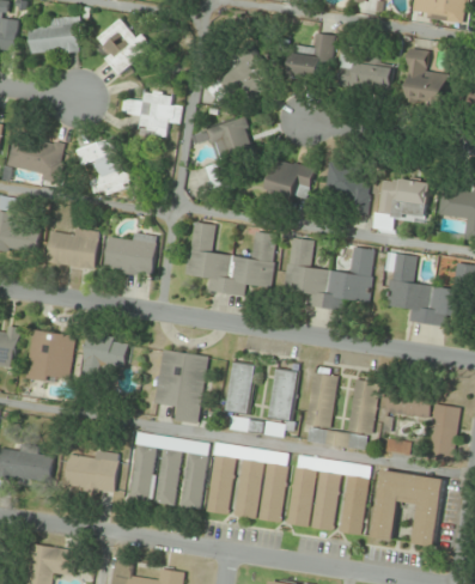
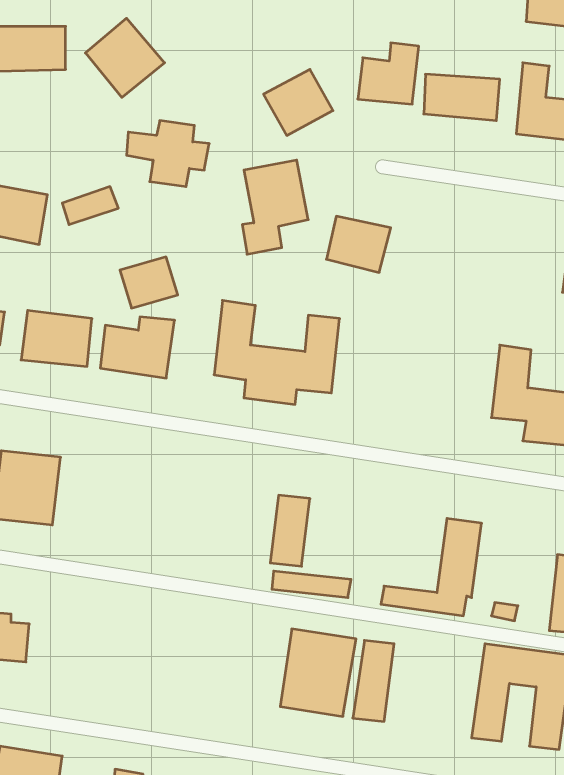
building: [89,156,130,193] -> [120,257,178,308]
building: [321,160,374,215] -> none
building: [373,176,431,233] -> none
building: [284,237,374,309] -> none
building: [80,335,127,383] -> none
building: [154,348,208,424] -> none
building: [268,367,298,420] -> none
building: [304,371,337,427] -> none
building: [385,387,433,418] -> none
building: [129,434,208,510] -> none
building: [63,452,118,492] -> none
building: [206,455,235,513] -> none
building: [311,472,340,529] -> none
building: [339,475,371,535] -> none

